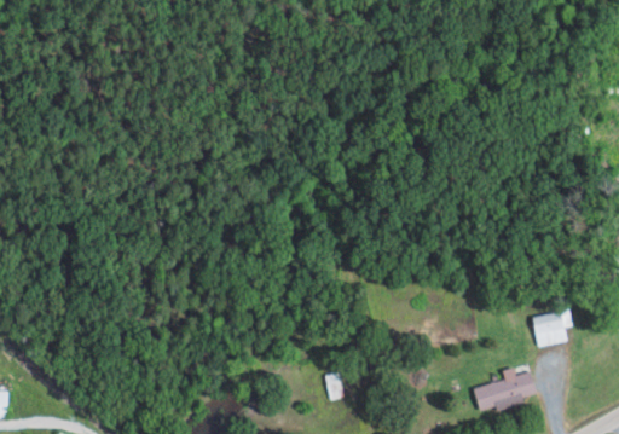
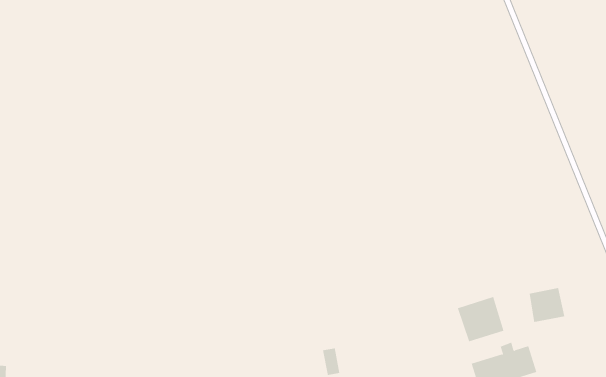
building: none -> [457,296,504,342]

